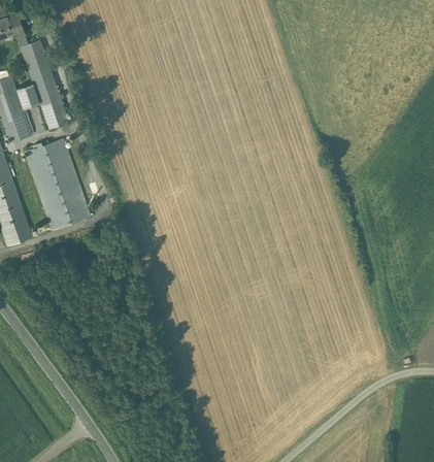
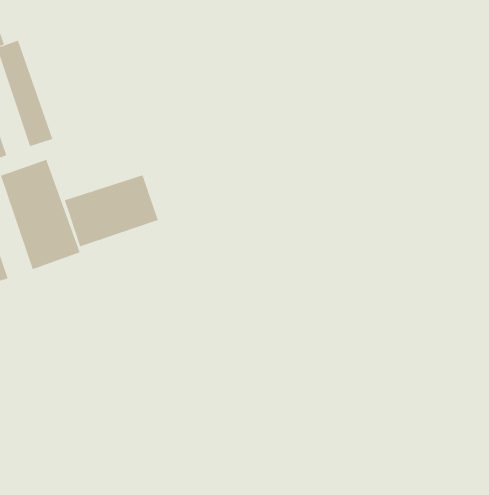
building: none -> [64,175,158,247]

